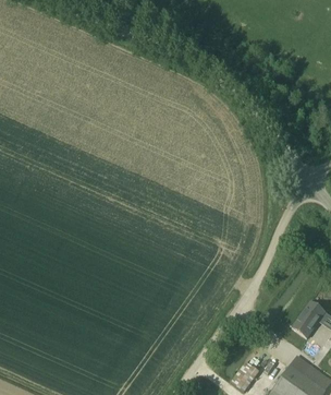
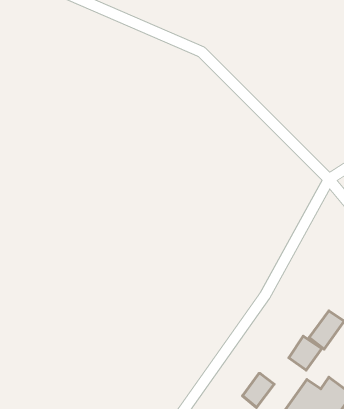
building: none -> [289,336,322,370]

